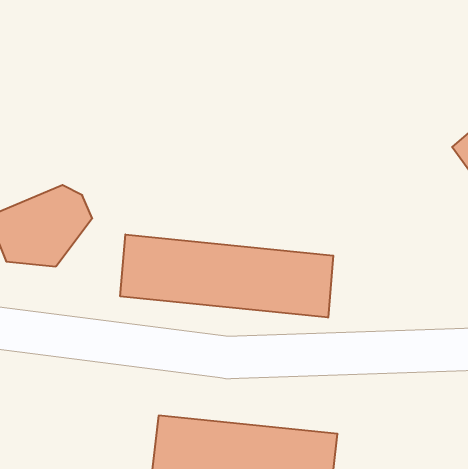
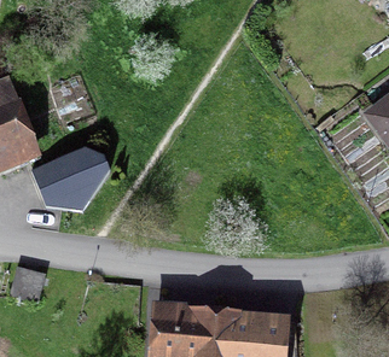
building: [120,234,333,318] -> none

